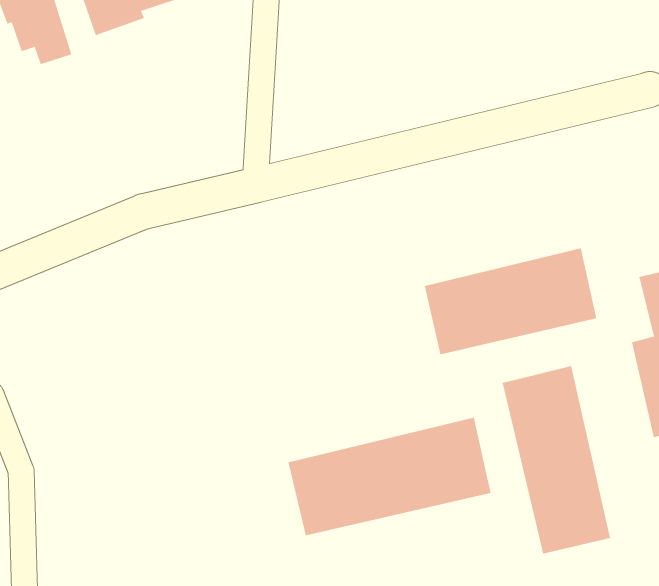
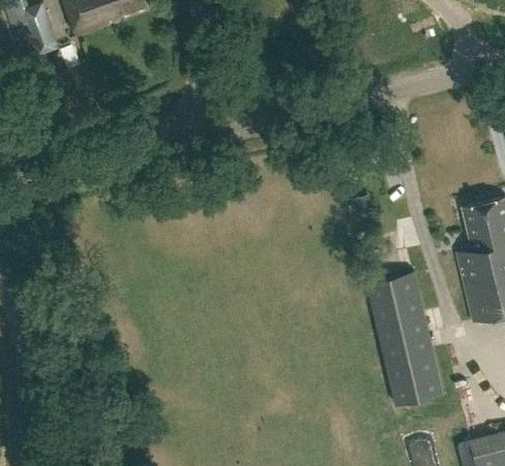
building: [424,248,597,355] -> none
building: [288,417,491,536] -> none

